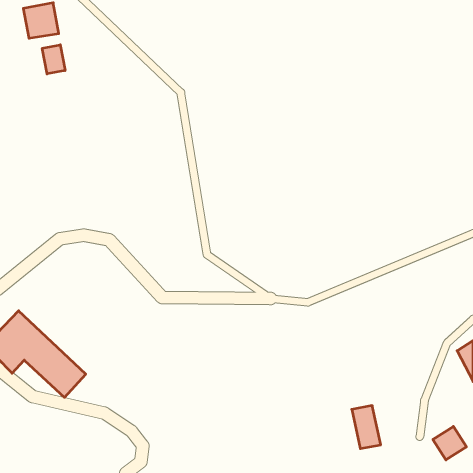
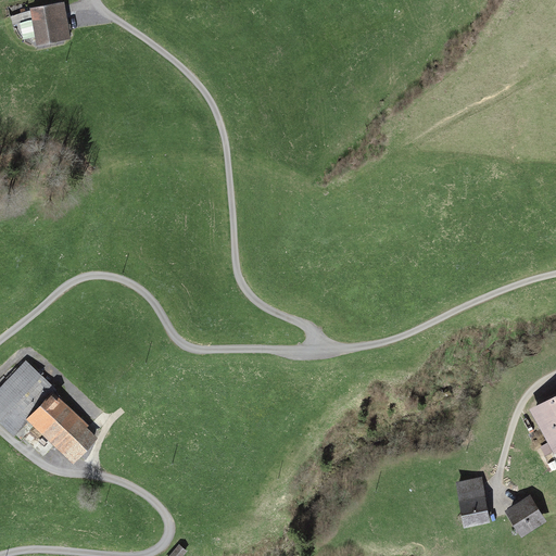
building: [42,45,65,74] -> none
building: [352,406,381,449] -> [455,476,489,526]

